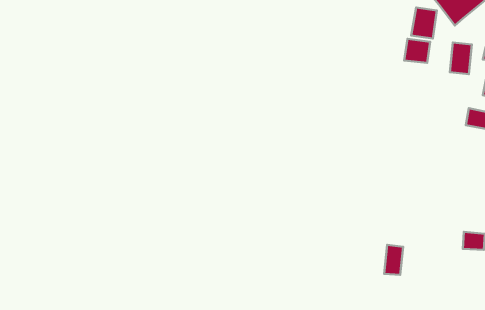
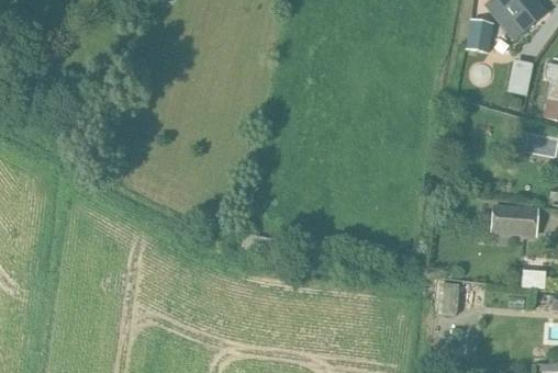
building: [404,39,430,63] -> none
building: none -> [491,204,539,238]

